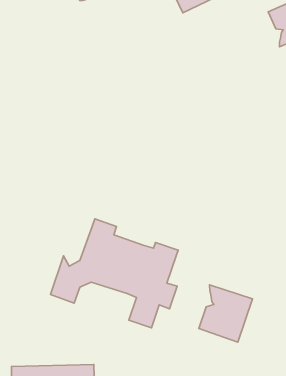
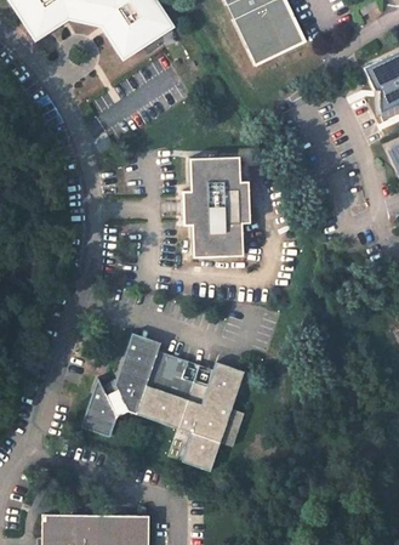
building: none -> [184,159,251,260]
building: [199,285,253,342] -> none

